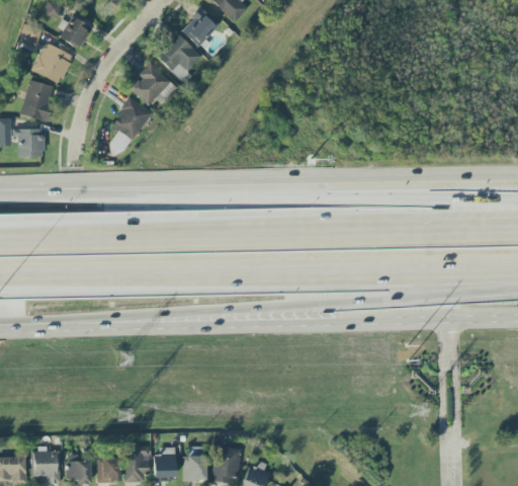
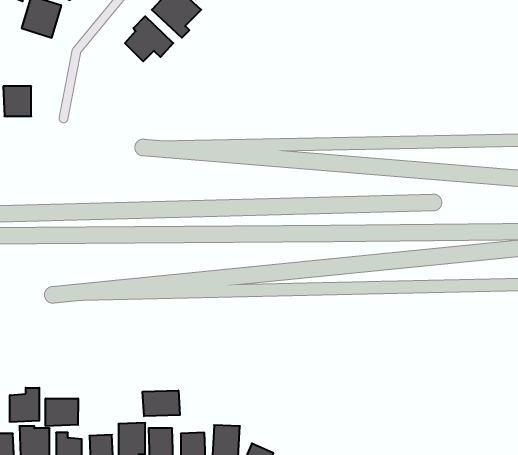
building: [20,80,55,121] -> none
building: [106,97,151,157] -> none
building: none -> [10,388,39,422]
building: none -> [143,390,180,416]
building: none -> [46,398,78,426]

